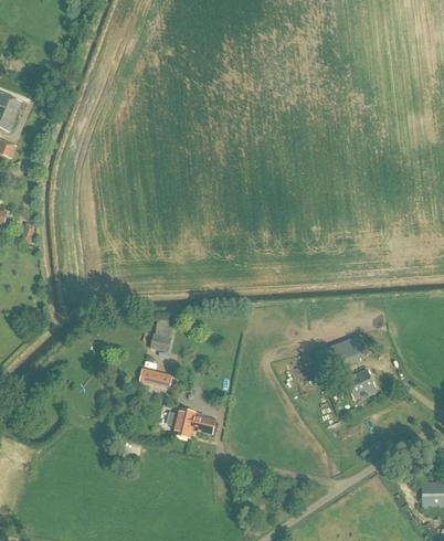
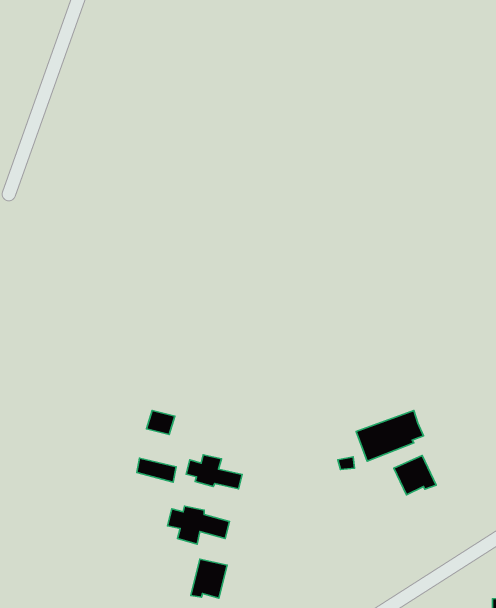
building: none -> [186,455,242,489]
building: none -> [191,559,227,598]

